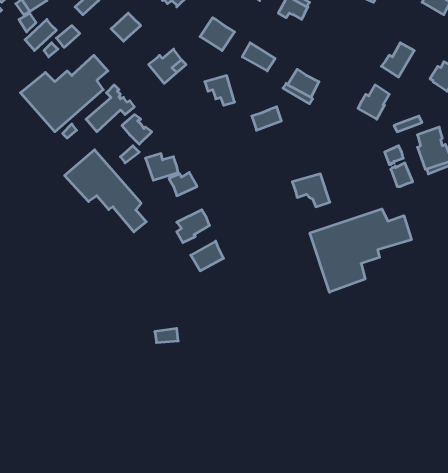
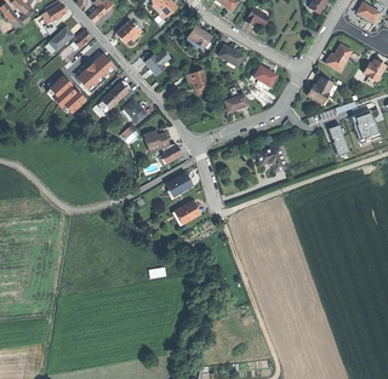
building: [65,150,146,232] -> none
building: [310,209,411,292] -> none

